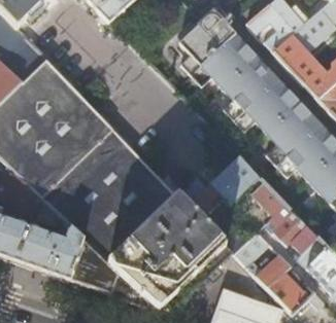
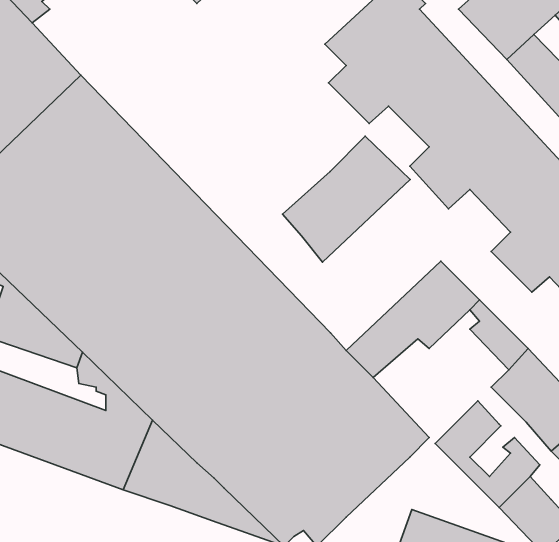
building: none -> [282,136,410,262]

